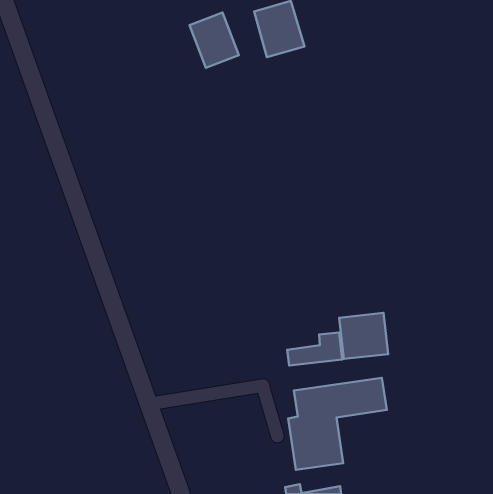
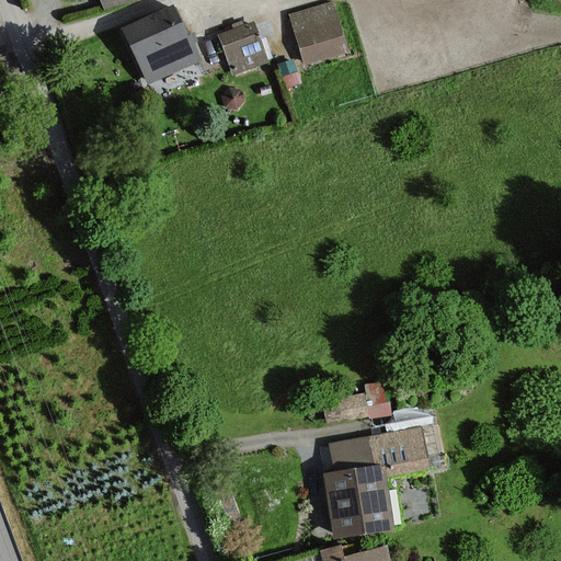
building: none -> [125,8,196,81]
building: [339,313,388,359] -> none

